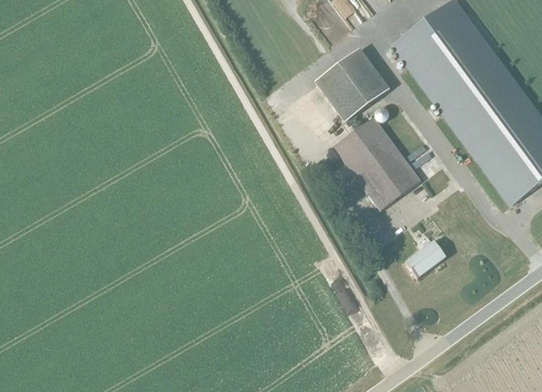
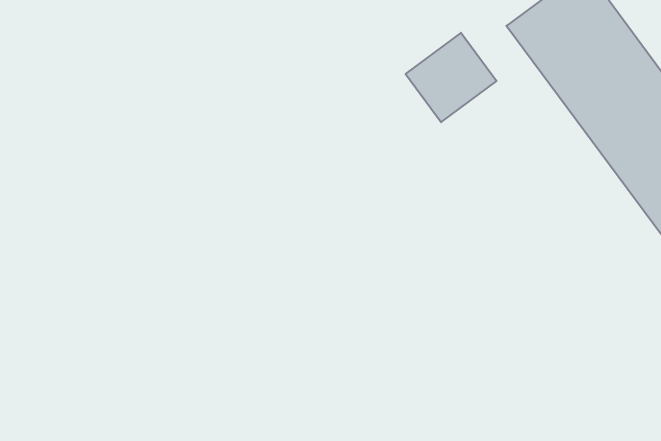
building: [333,117,421,210] -> none
building: [405,241,445,278] -> none

